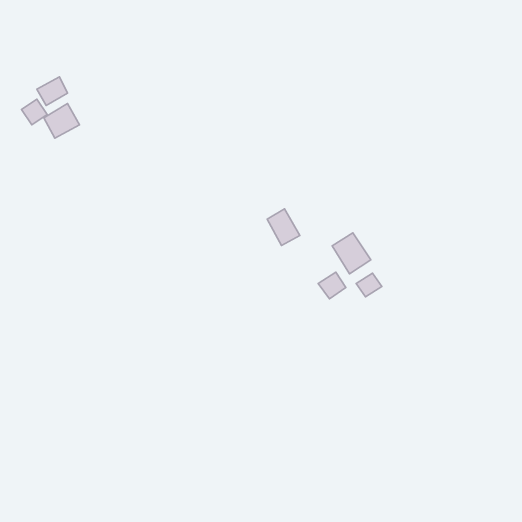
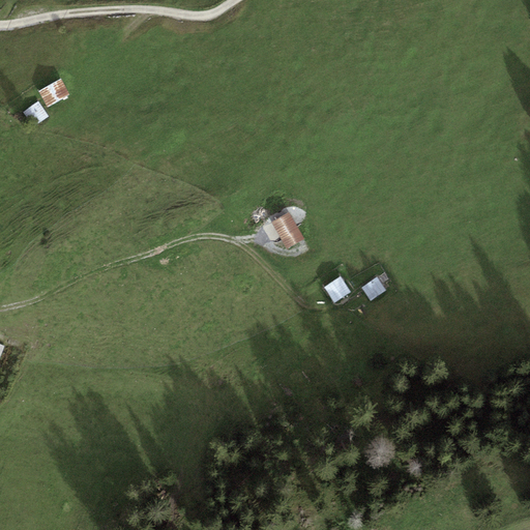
building: [44,104,80,138] -> none
building: [332,233,371,274] -> none

